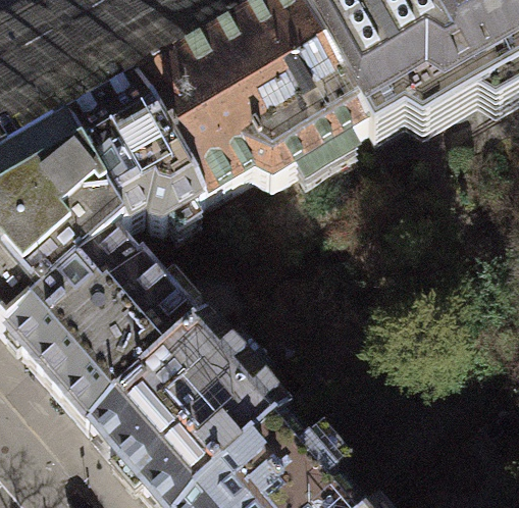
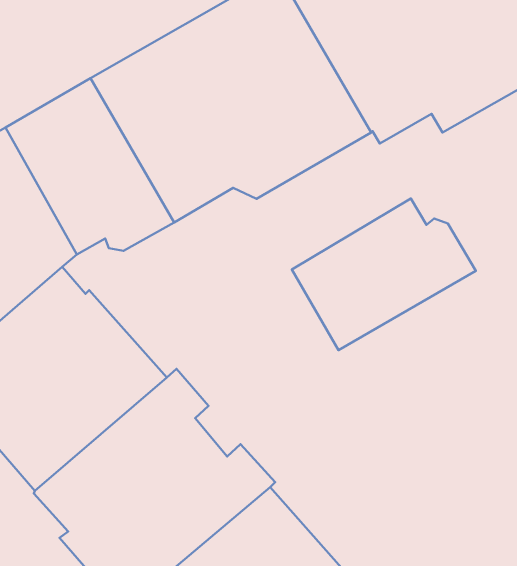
building: none -> [292,198,476,350]

